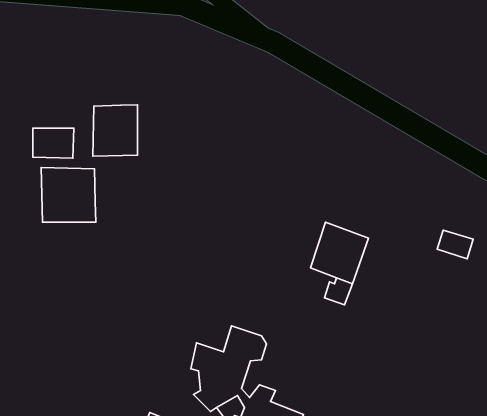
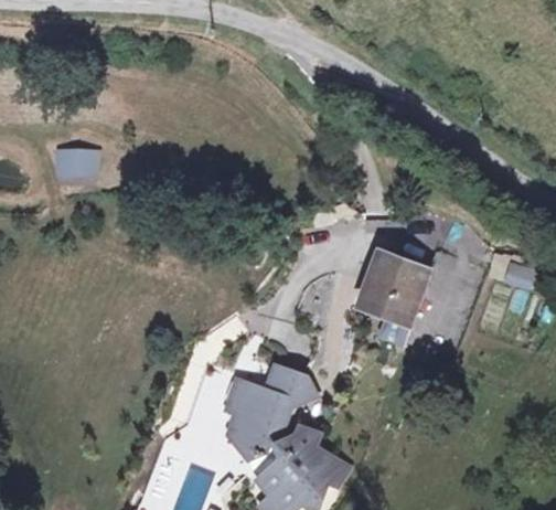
building: [93,105,138,156] -> none
building: [41,168,96,222] -> none

